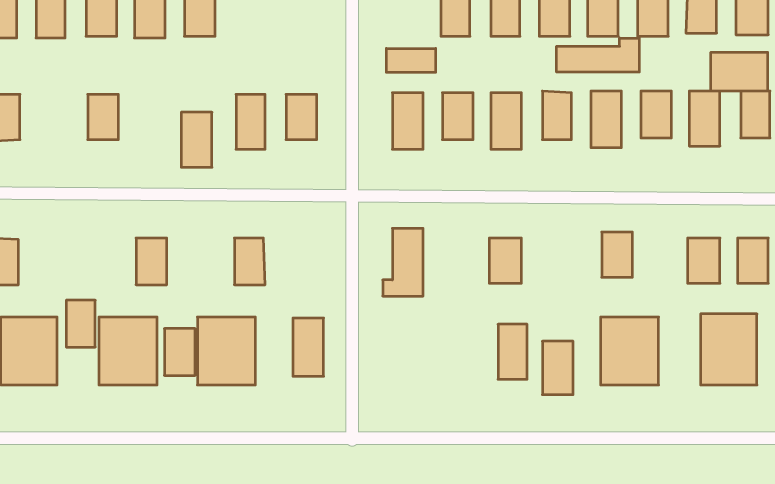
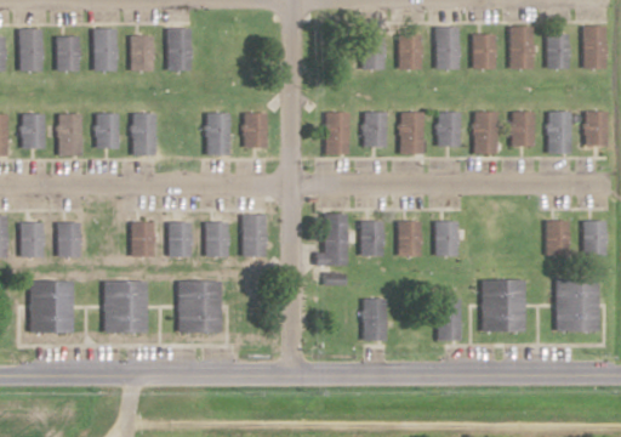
building: [557,38,639,72] -> none
building: [386,48,436,72] -> none
building: [711,52,768,91] -> none
building: none -> [58,113,82,155]
building: [181,112,212,167] -> [132,113,155,154]
building: [602,232,632,277] -> [435,221,458,255]
building: none -> [361,221,384,255]
building: [66,300,95,347] -> [58,221,80,256]
building: [293,318,324,376] -> [243,214,266,257]
building: [498,324,527,379] -> [364,299,386,340]
building: [164,329,195,375] -> [169,221,192,256]

